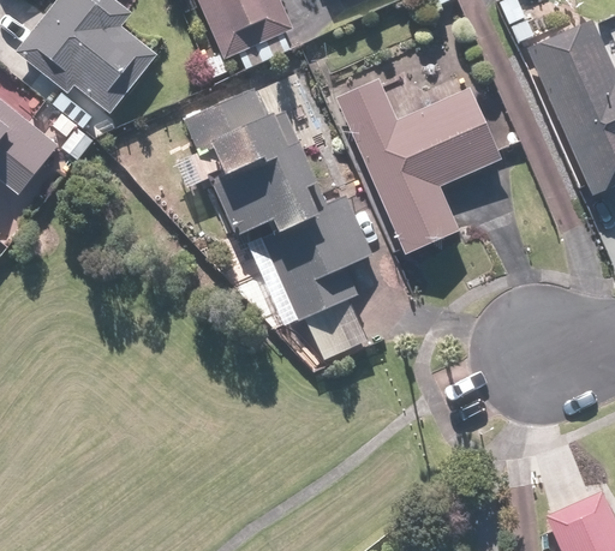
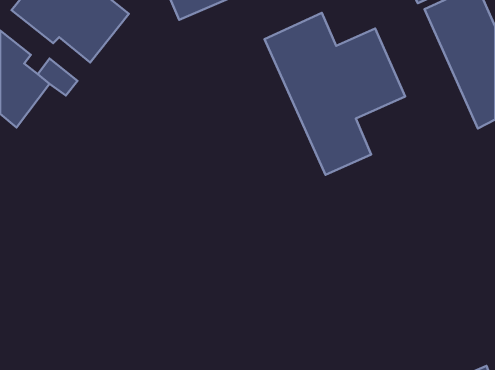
building: [184,88,372,359] -> none

